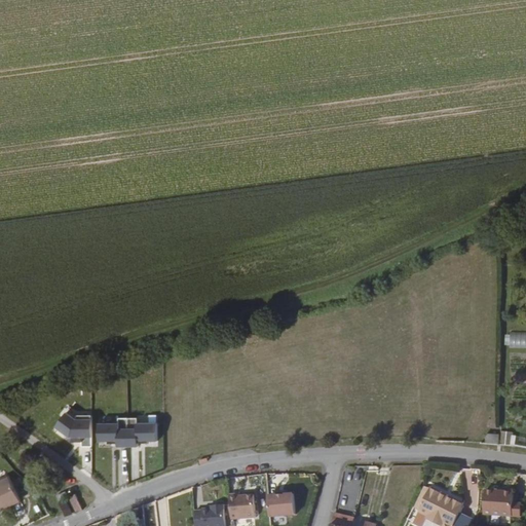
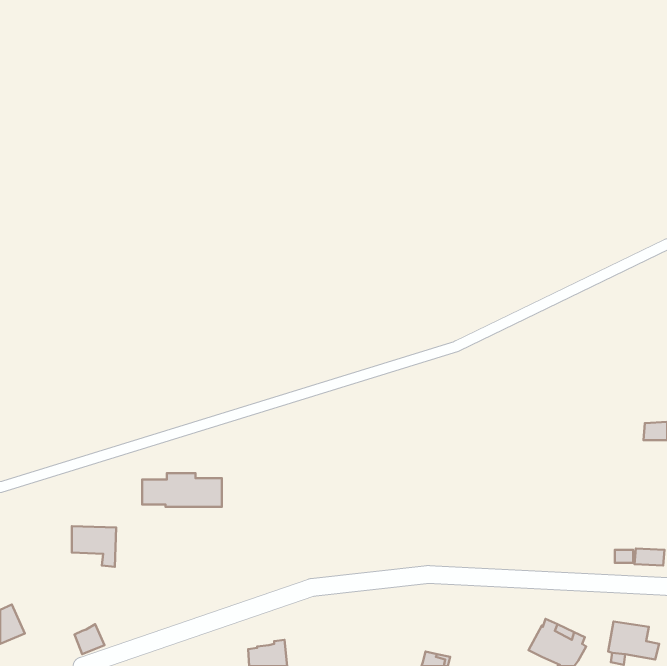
building: [95,417,157,444] -> [142,473,222,507]
building: [270,492,299,517] -> none
building: [229,493,257,518] -> none

